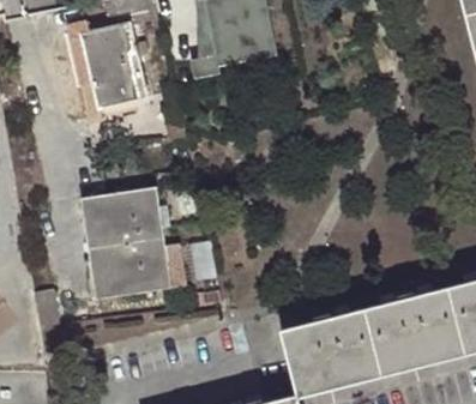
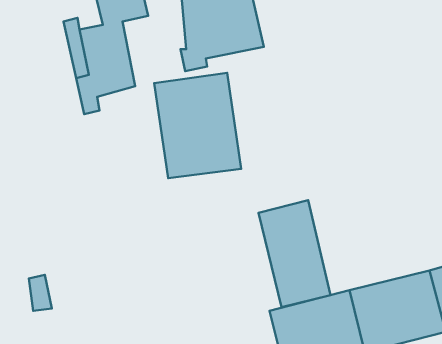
building: [83,191,173,300] -> [154,73,241,178]
building: none -> [258,200,330,307]

